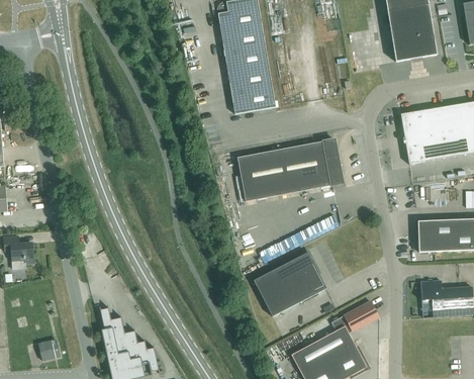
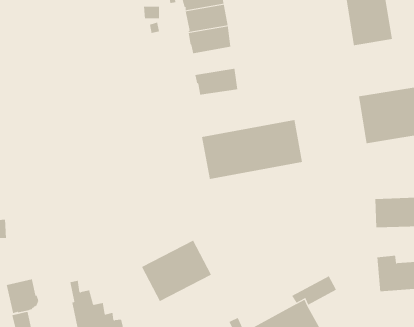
building: [227,63,272,92] -> none
building: [253,252,326,316] -> [141,240,212,302]
building: none -> [6,279,39,314]

